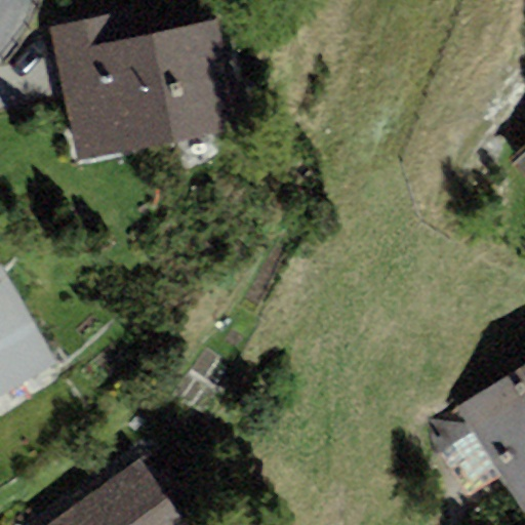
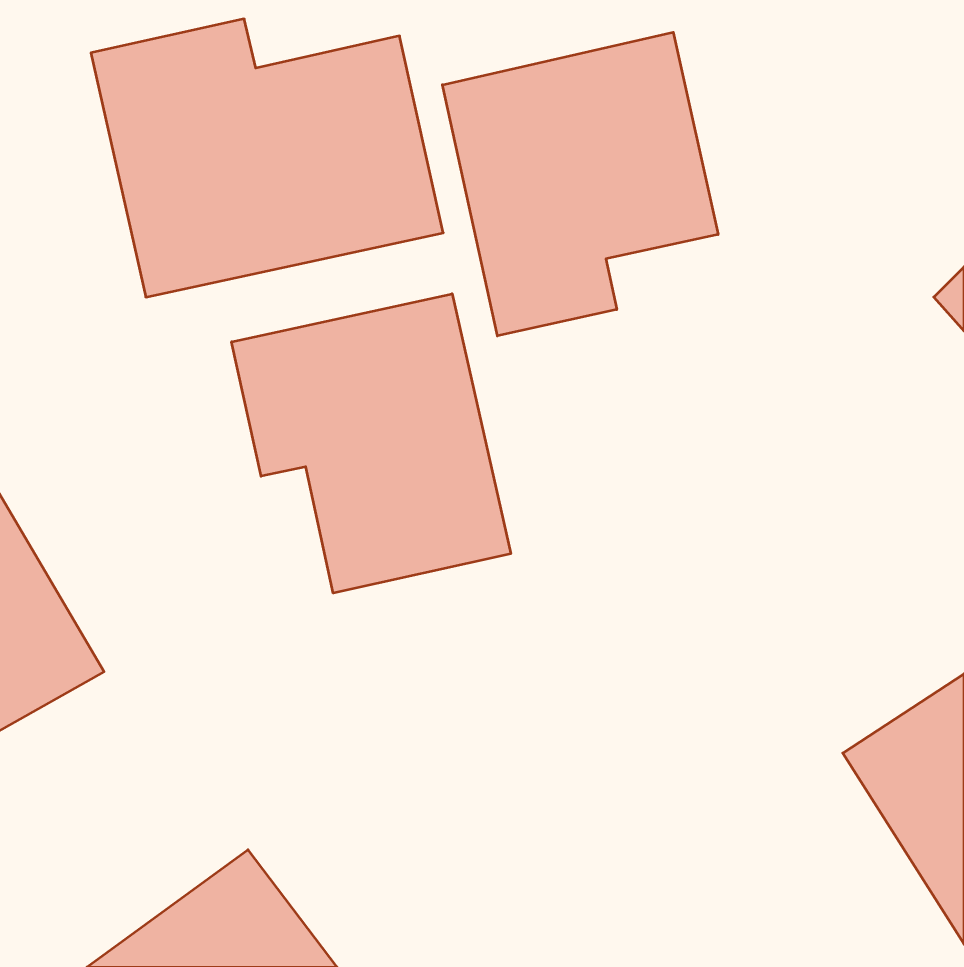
building: none -> [442,32,718,336]
building: none -> [232,294,511,593]

